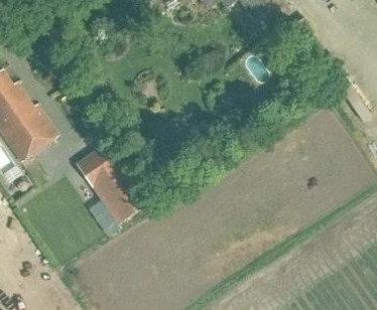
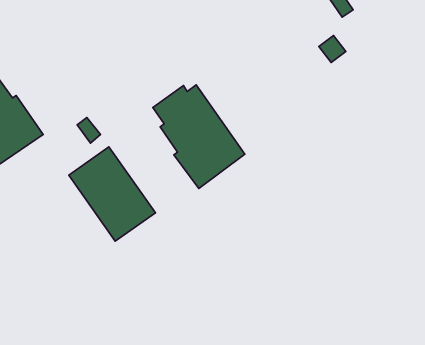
building: none -> [153,85,245,189]

